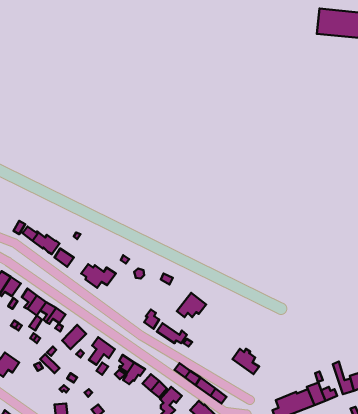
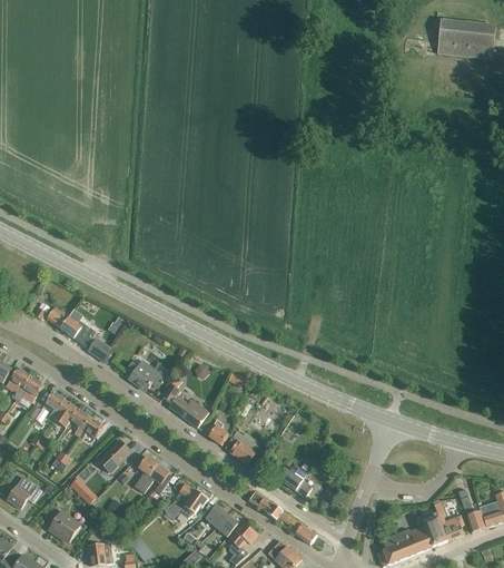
building: none -> [161,378,208,428]
building: [232,349,259,374] -> [276,462,312,496]
building: none -> [48,511,80,541]

